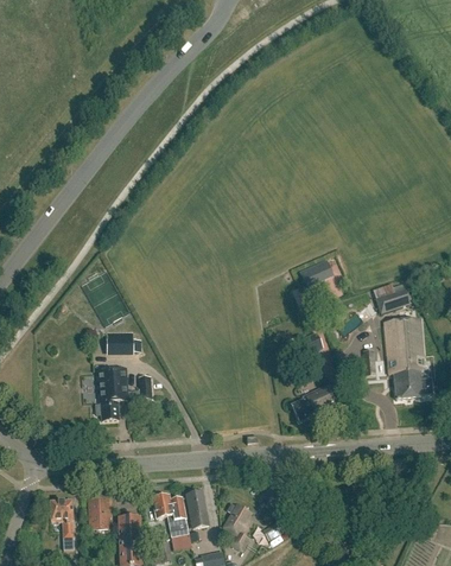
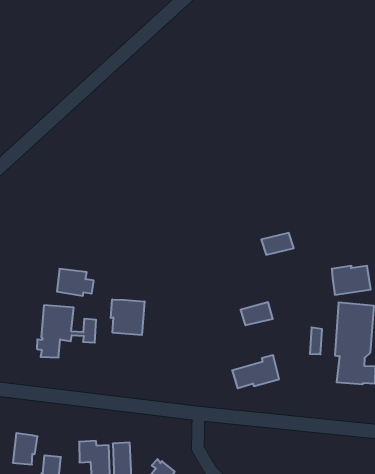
building: none -> [111,299,145,335]

